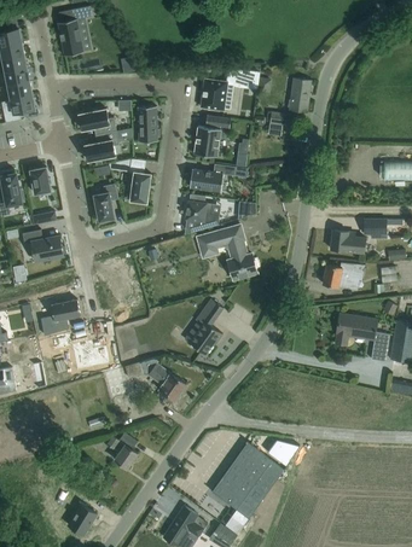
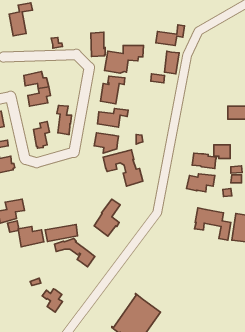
building: none -> [156,25,184,46]
building: [137,106,158,142] -> [91,32,105,56]
building: none -> [45,224,78,241]

